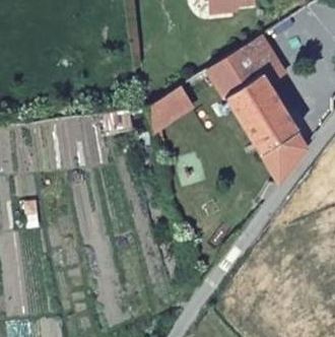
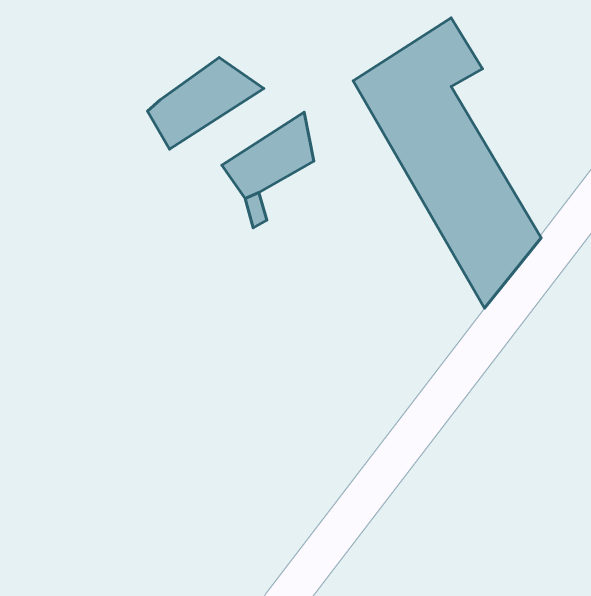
building: none -> [147,58,264,149]

